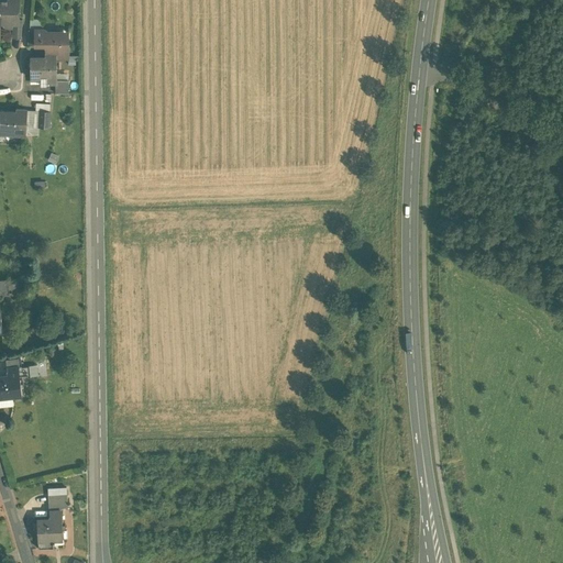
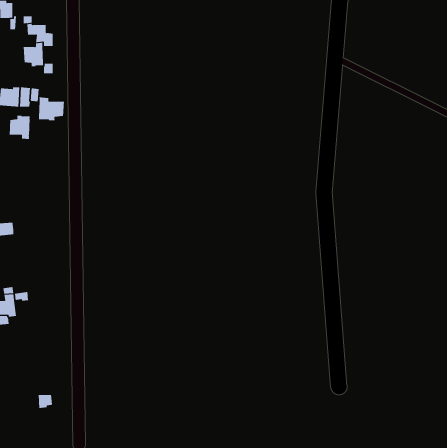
building: none -> [38,97,64,121]
building: none -> [9,115,30,140]
building: [35,511,62,541] -> none

